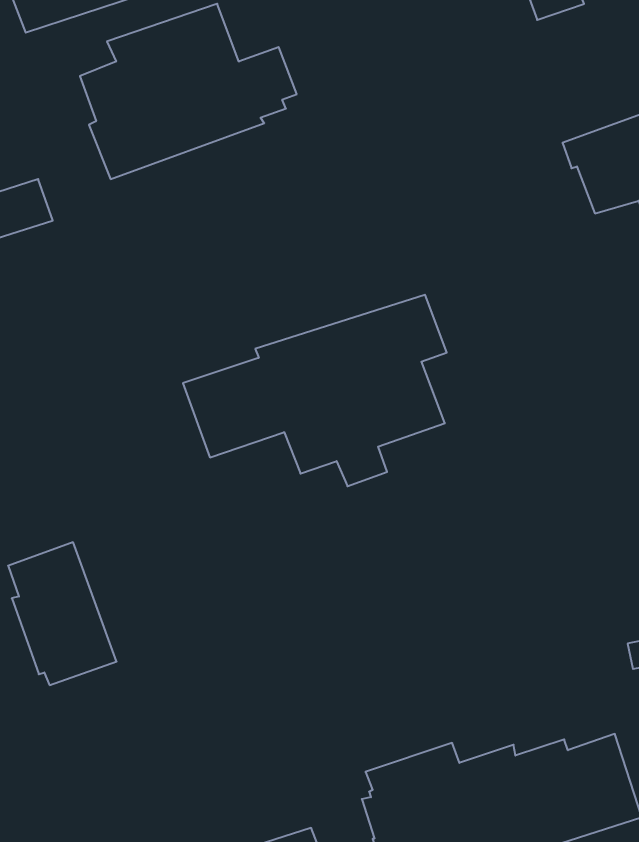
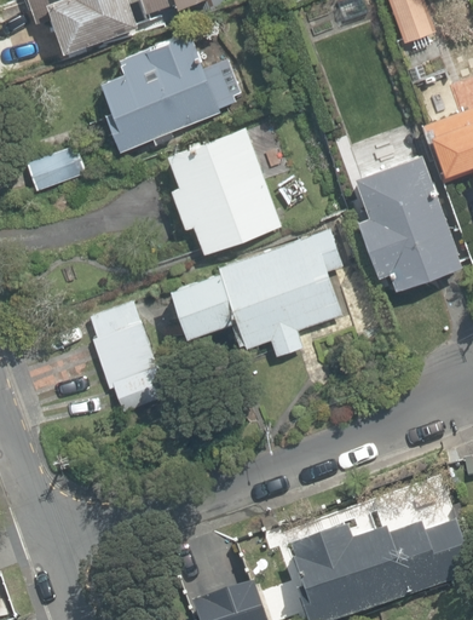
building: none -> [166,126,282,254]
building: none -> [352,153,461,289]
building: [8,542,117,685] -> [91,302,163,397]

